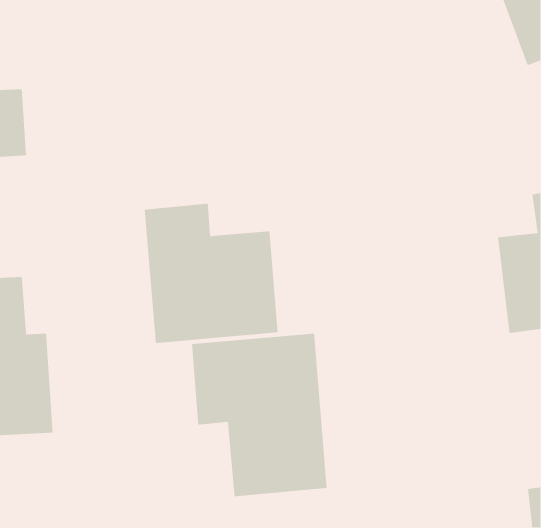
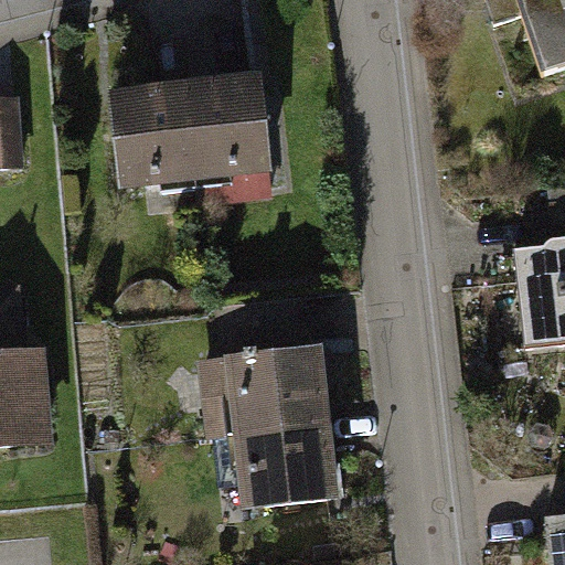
building: none -> [106,77,270,191]
building: [144,203,278,344] -> none

